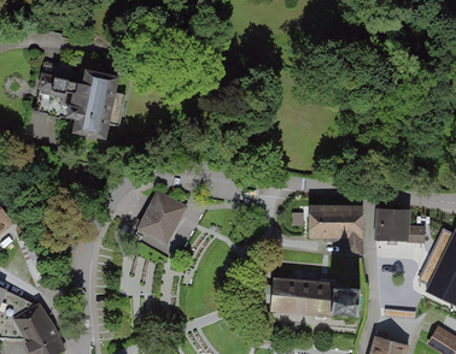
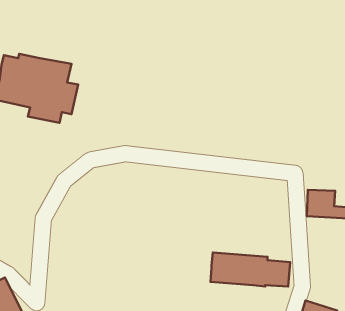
building: [138,189,186,242] -> none
building: [309,203,364,254] -> none

